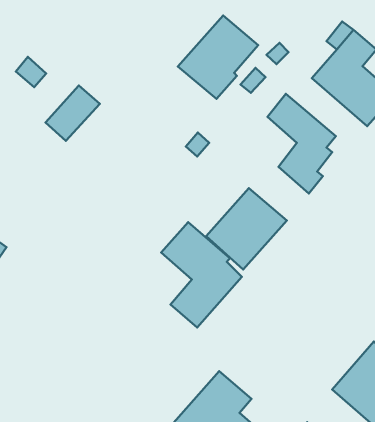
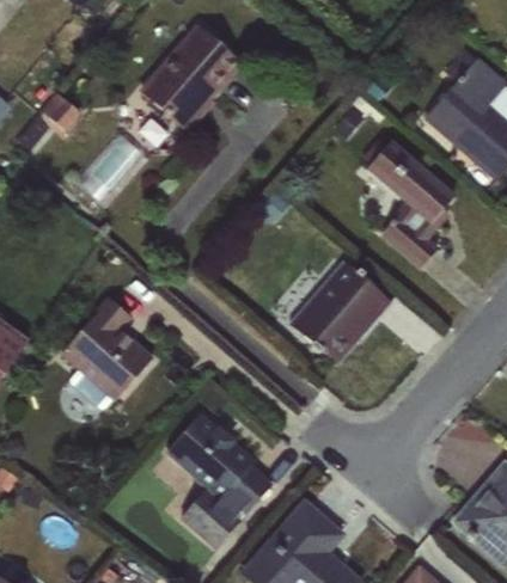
building: [178,16,258,99] -> [139,25,243,133]
building: none -> [61,297,153,401]
building: [161,222,242,328] -> [166,413,270,550]

